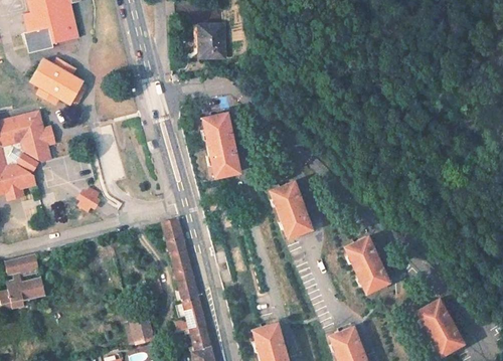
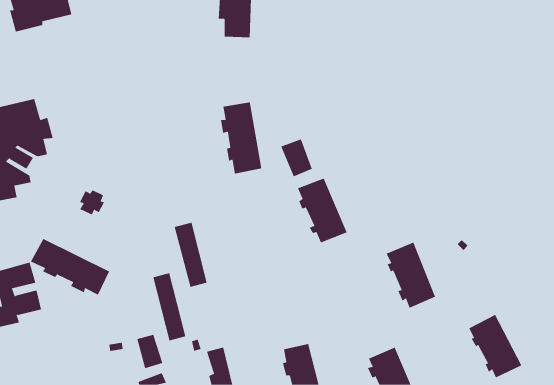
building: [21,65,83,111] -> none
building: none -> [281,138,313,177]
building: none -> [30,238,110,295]
building: [175,269,204,329] -> [152,272,186,341]

